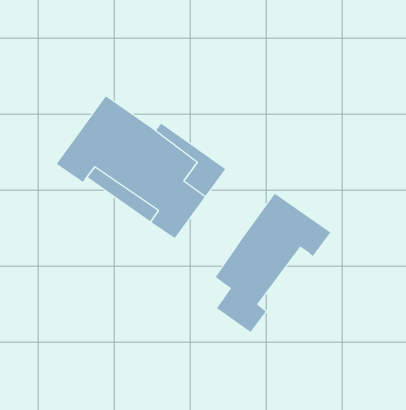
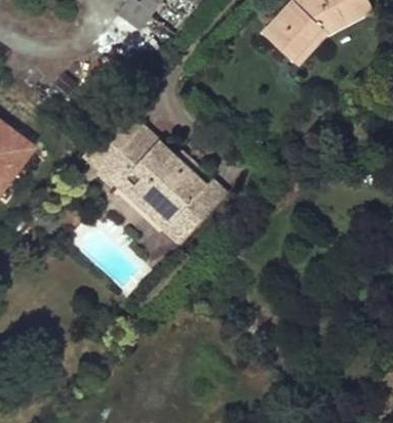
building: [215,193,331,333] -> none

